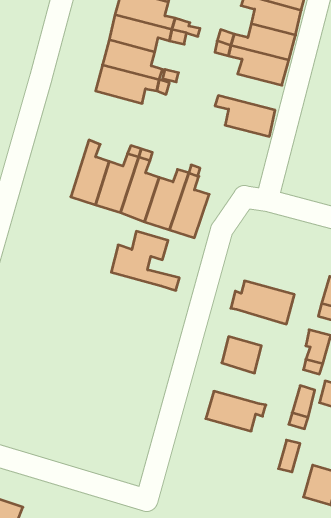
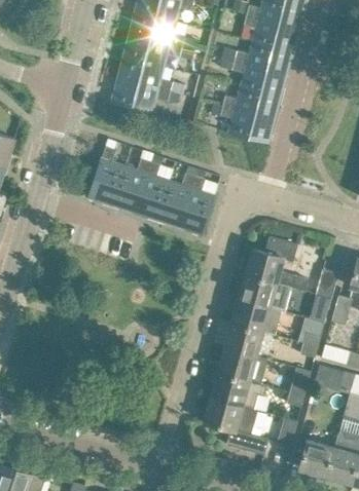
building: none -> [222,86,280,119]
building: [111,231,179,290] -> [246,236,308,290]
building: none -> [231,299,280,336]
building: none -> [218,347,266,384]
building: none -> [204,398,268,455]

